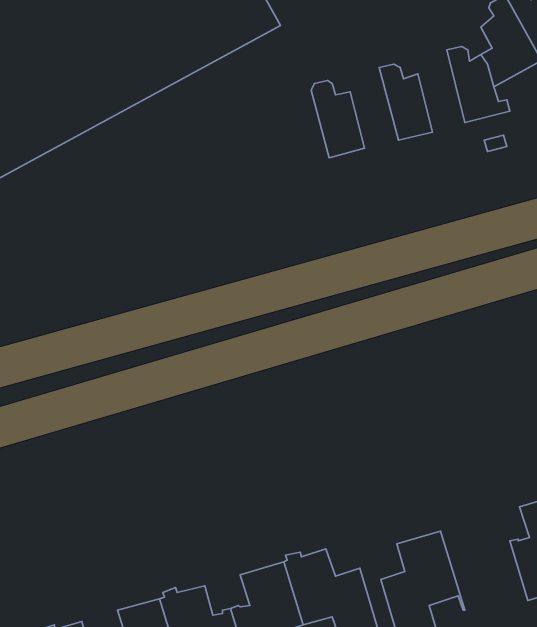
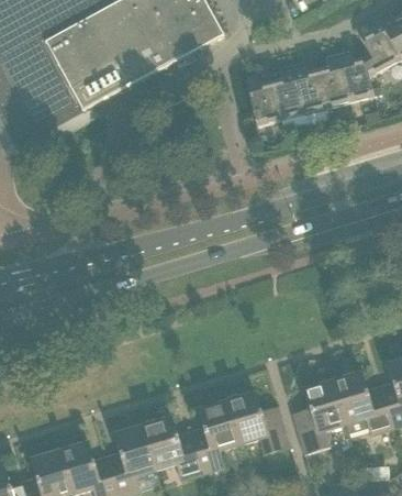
building: none -> [317,53,349,109]
building: none -> [271,65,304,120]
building: none -> [333,372,392,434]

